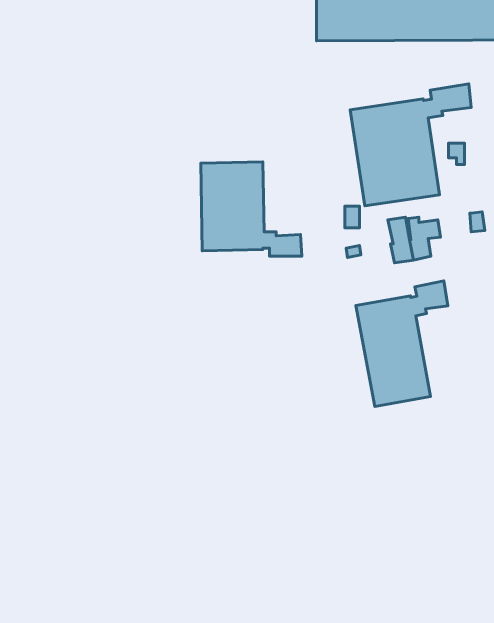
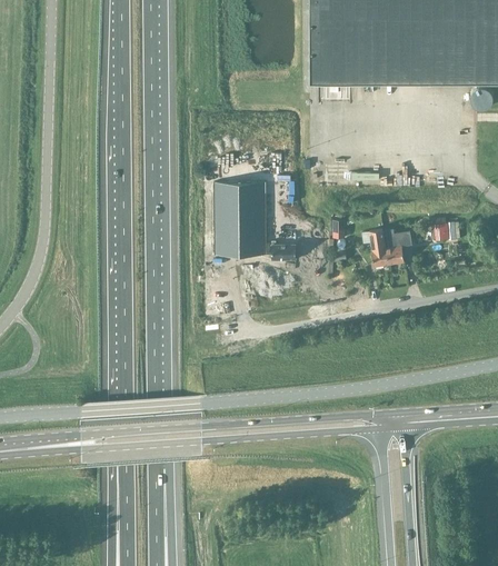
building: [350,84,471,206] -> none
building: [356,281,448,406] -> none

